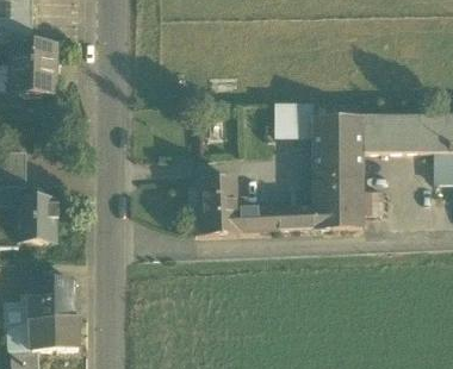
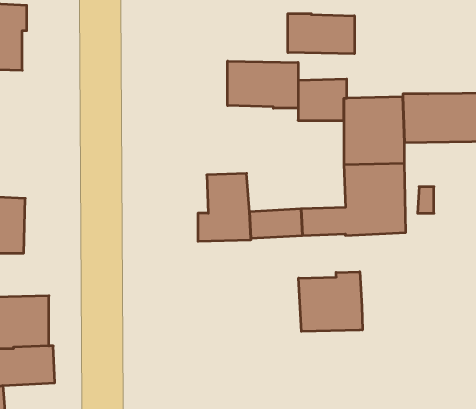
building: none -> [288,14,354,54]
building: none -> [228,61,298,108]
building: none -> [299,272,362,331]

